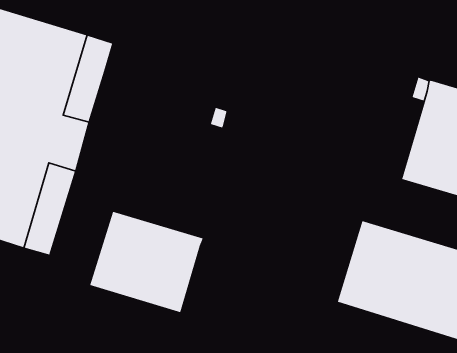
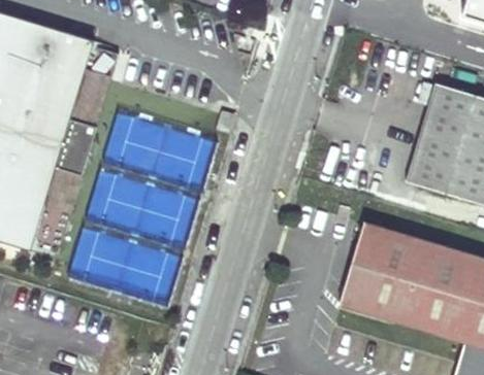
building: [89,211,204,313] -> none

